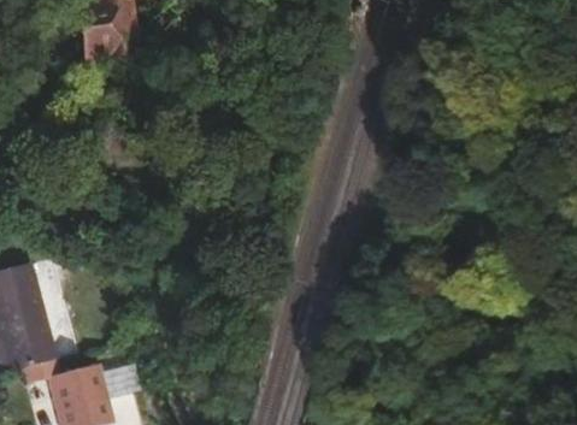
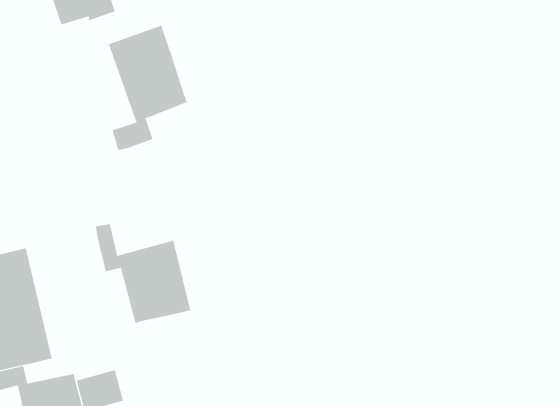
building: none -> [108,25,188,151]
building: none -> [95,224,191,324]

